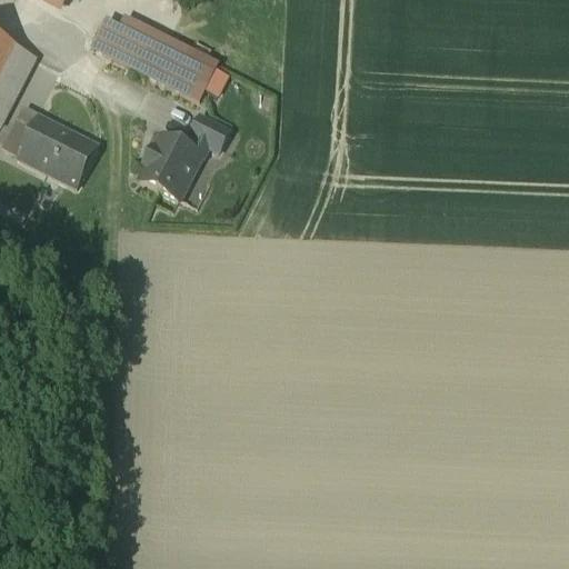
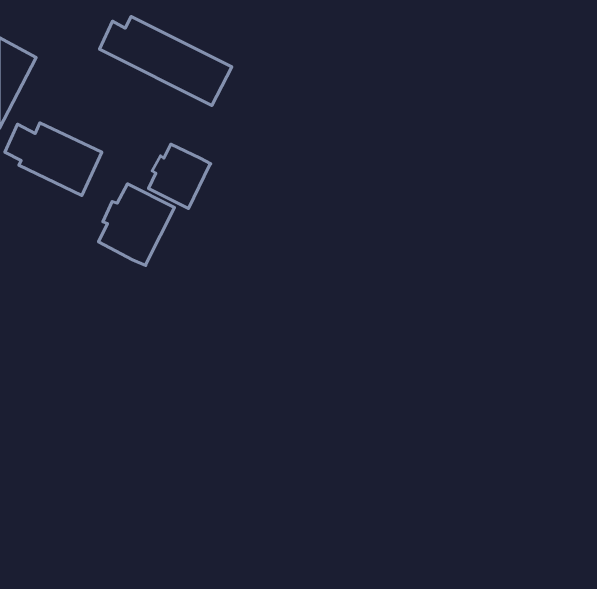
building: [190,117,229,159] -> none
building: none -> [98,184,175,265]

